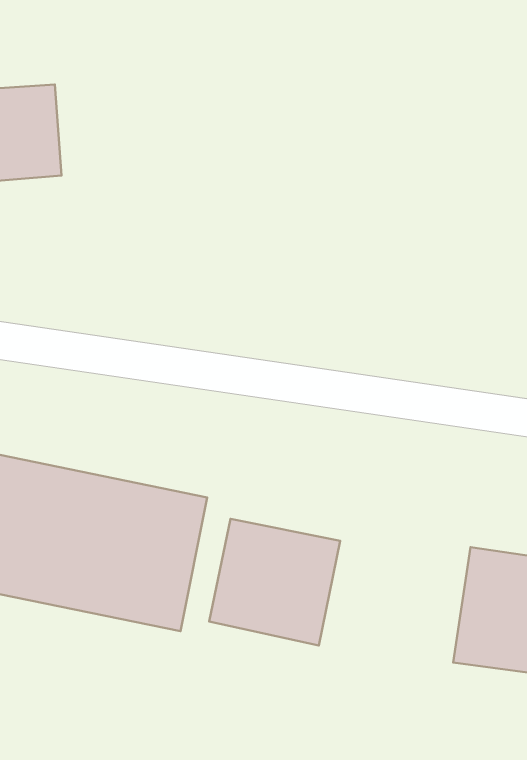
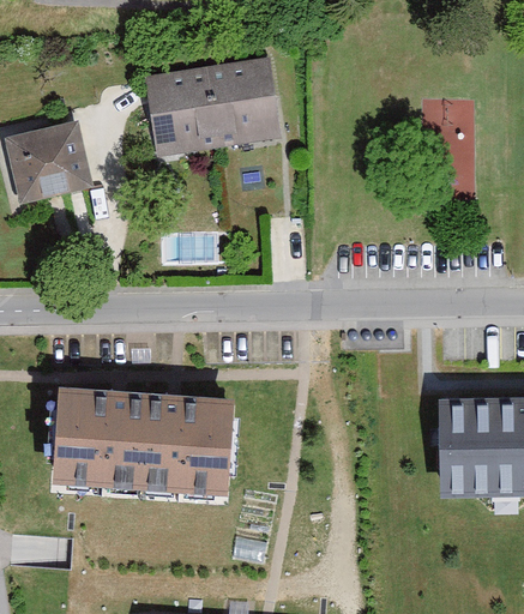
building: none -> [145,58,282,159]
building: [209,519,340,646] -> none

